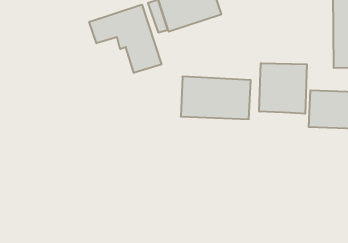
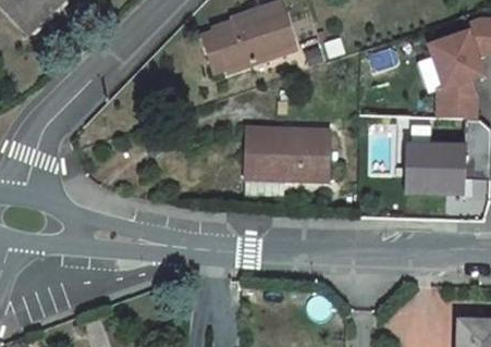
building: [89,5,161,73] -> none
building: [259,63,307,114] -> none

